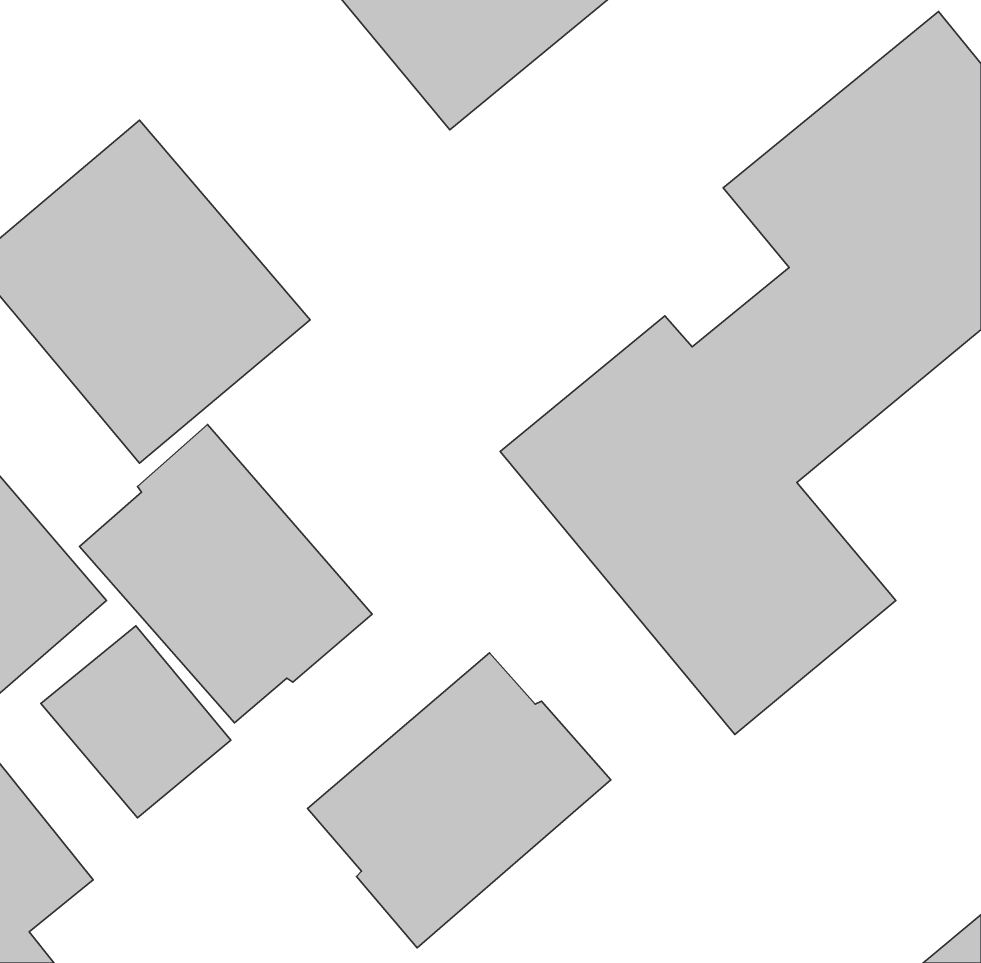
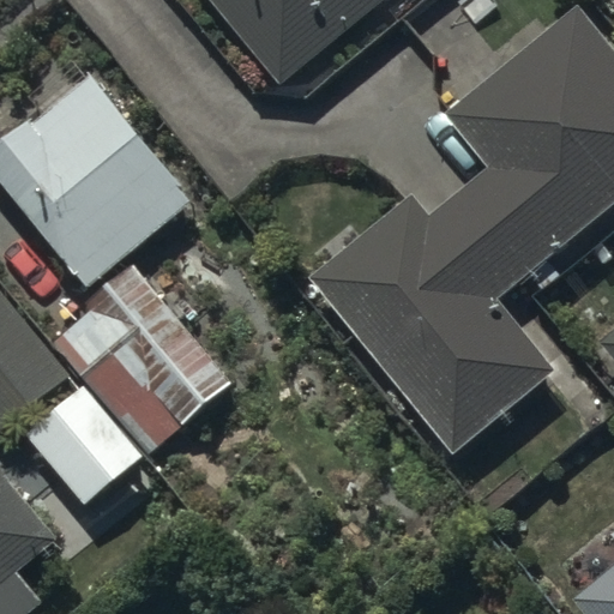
building: [308,653,611,948] -> none

